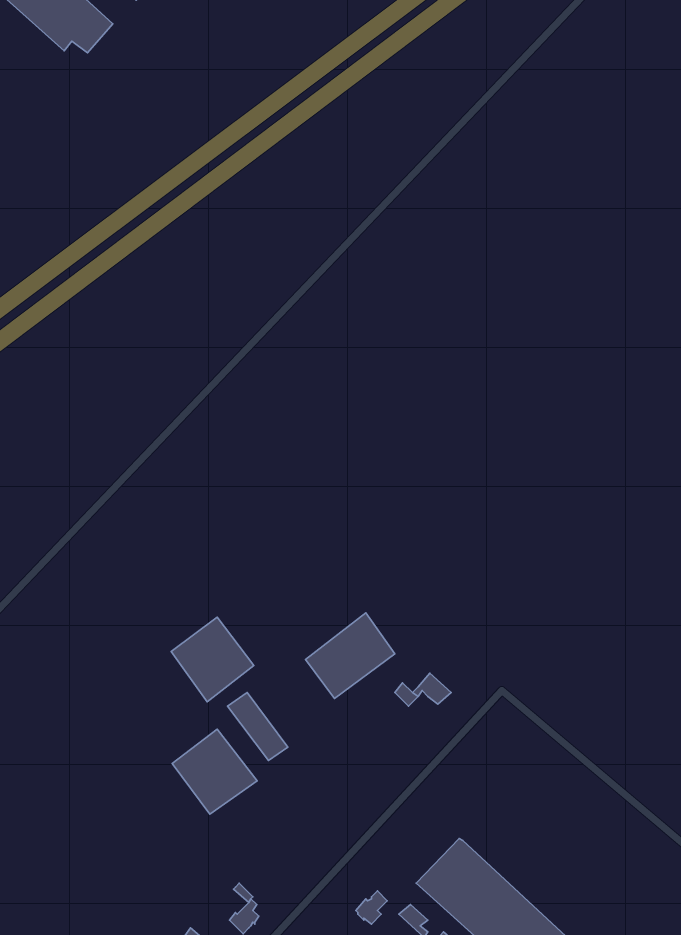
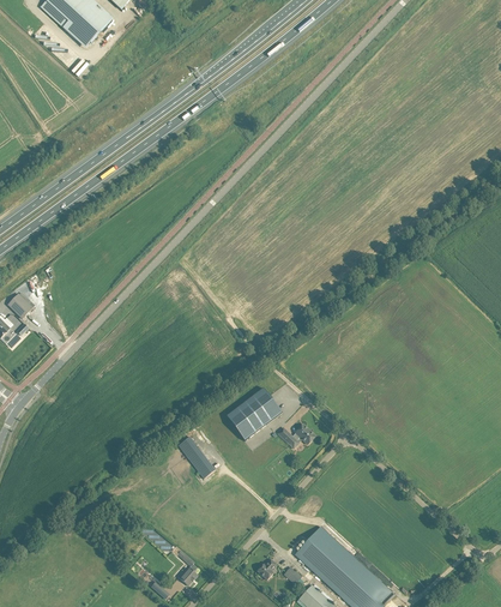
building: [171,617,254,702] -> none
building: [172,729,257,814] -> none

